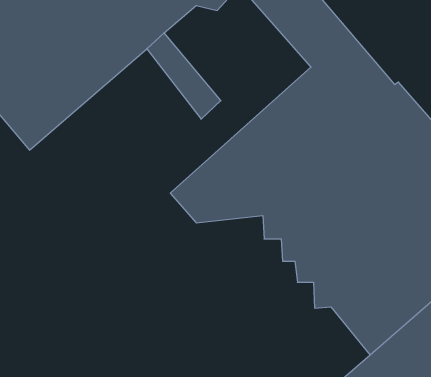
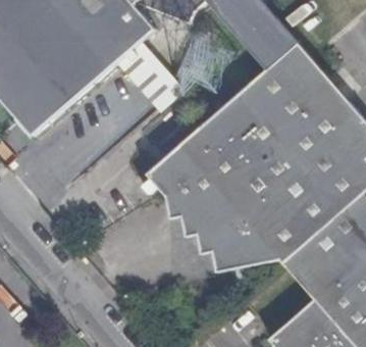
building: none -> [170,194,268,275]

